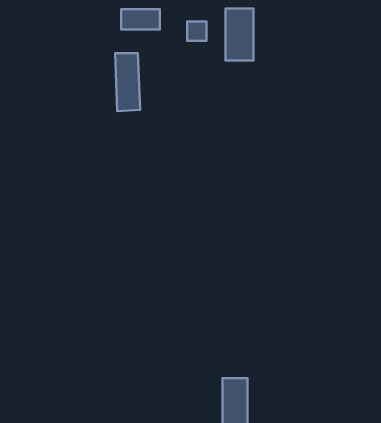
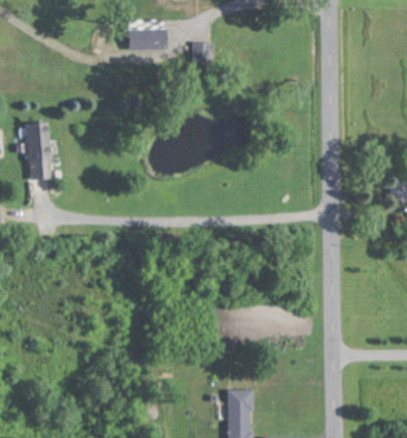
building: [226,9,253,60] -> none
building: [115,53,140,111] -> [27,123,51,180]

